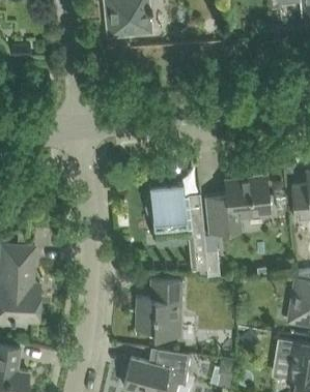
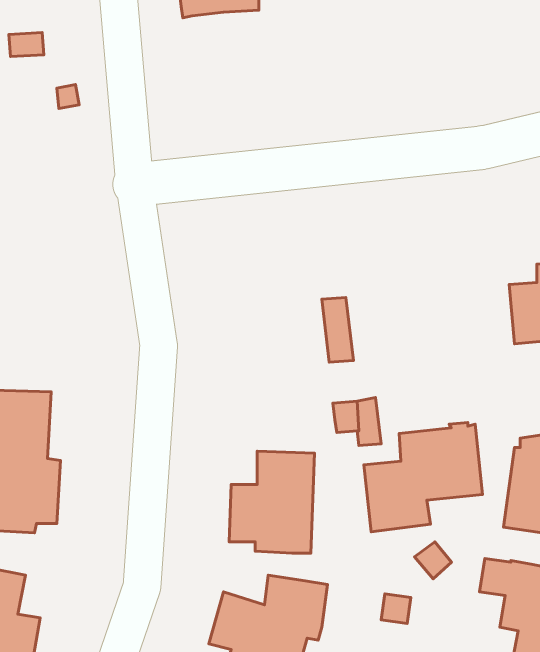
building: [204,174,271,235] -> [364,422,483,532]
building: [145,184,188,236] -> none

